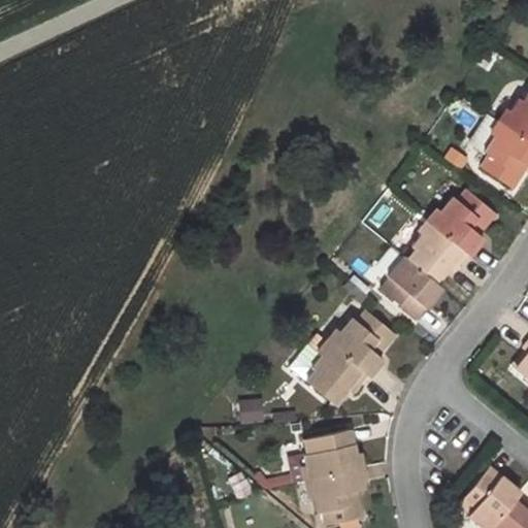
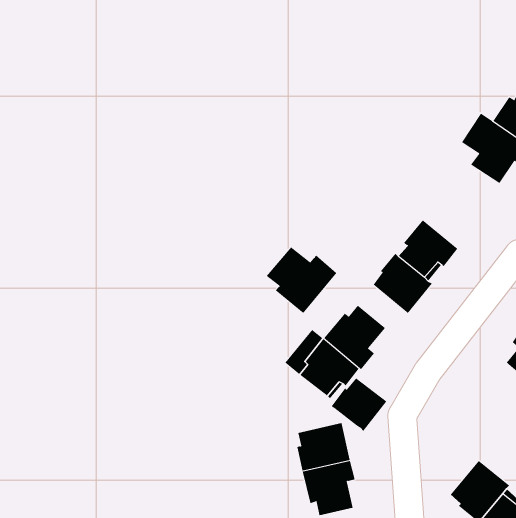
building: [432,191,495,256] -> none
building: none -> [266,246,337,314]
building: none -> [331,377,387,432]

